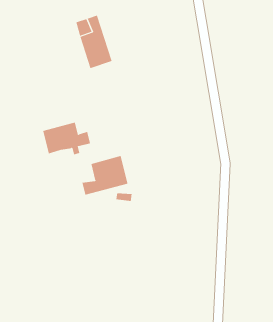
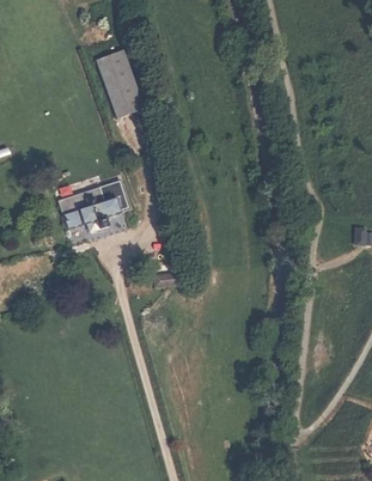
building: [82,155,128,196] -> none

